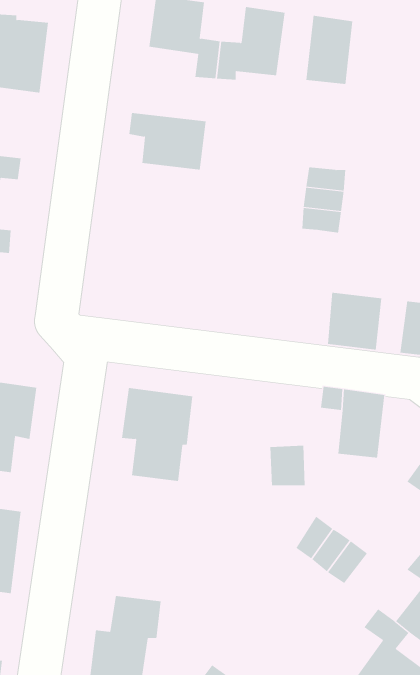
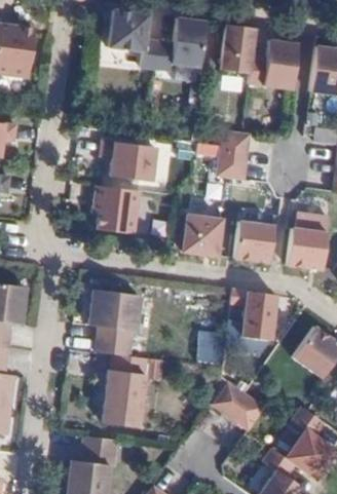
building: none -> [248,39,297,88]
building: [128,113,206,170] -> [102,141,157,182]
building: none -> [95,186,141,233]
building: none -> [183,214,222,255]
building: none -> [102,369,145,425]

